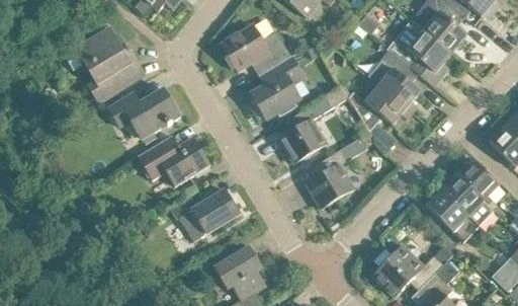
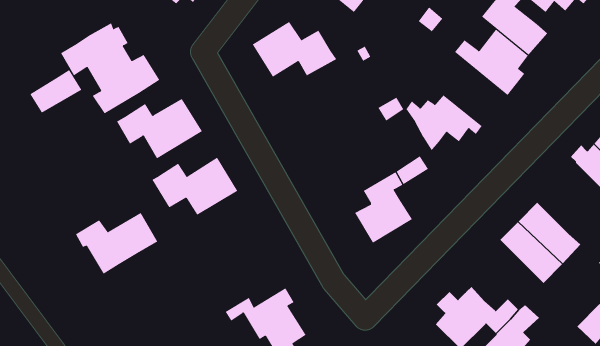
building: [369,50,433,111] -> none
building: [251,56,304,119] -> none
building: none -> [30,69,82,114]
building: [278,104,327,163] -> none
building: [457,158,499,203] -> none
building: [170,189,239,241] -> [75,212,158,274]

